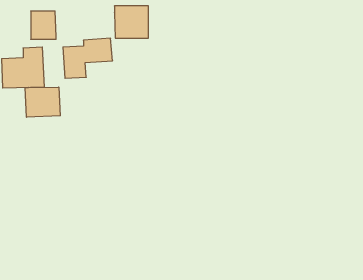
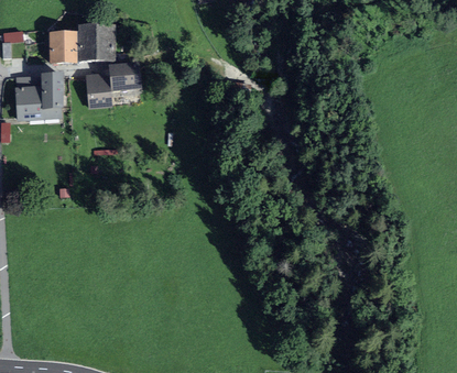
building: [114,6,148,38] -> [75,24,113,61]
building: [25,87,60,117] -> none

